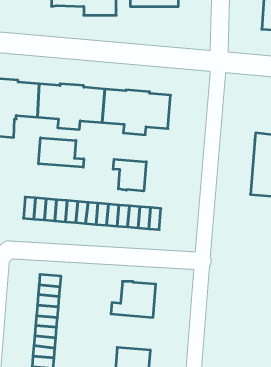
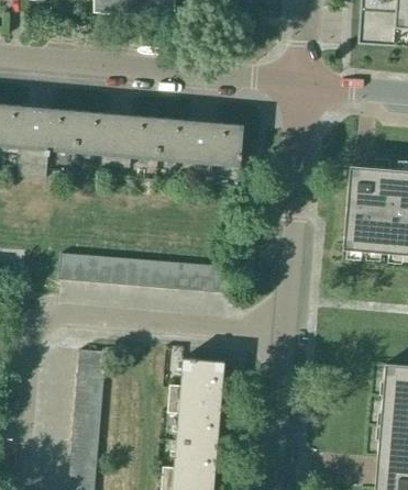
building: [39,138,84,167] -> none
building: [113,159,146,191] -> none
building: none -> [167,399,221,444]

